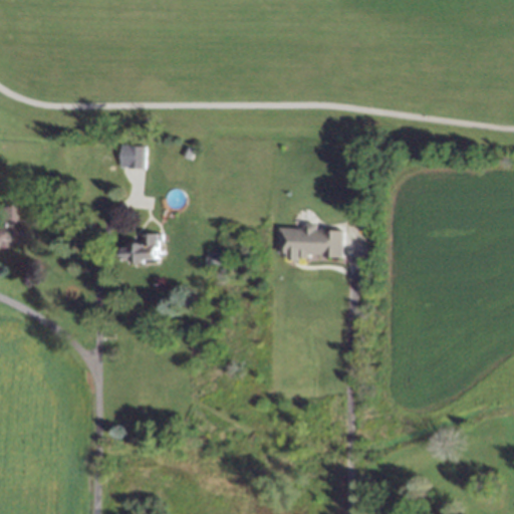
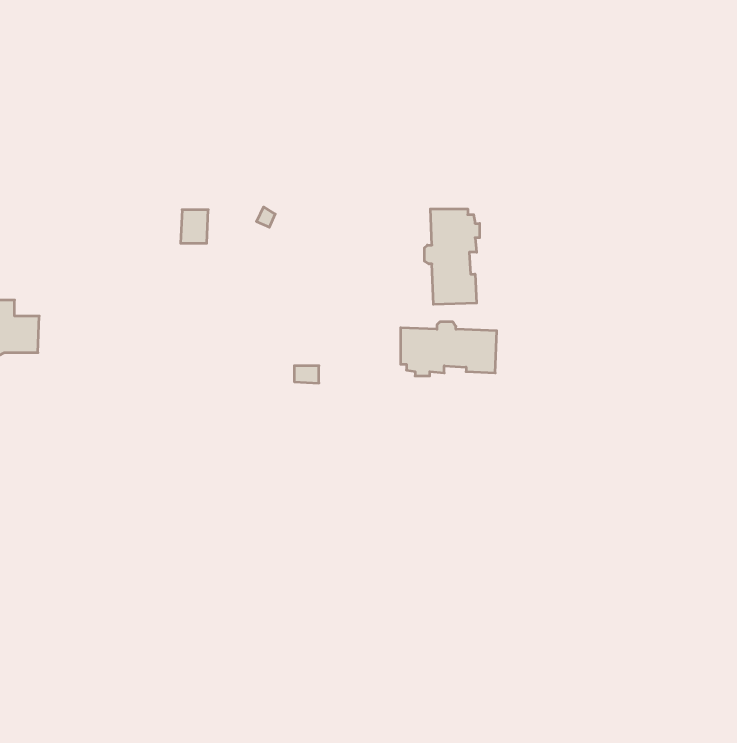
building: none -> [424,209,480,304]
building: [119,234,160,264] -> none

